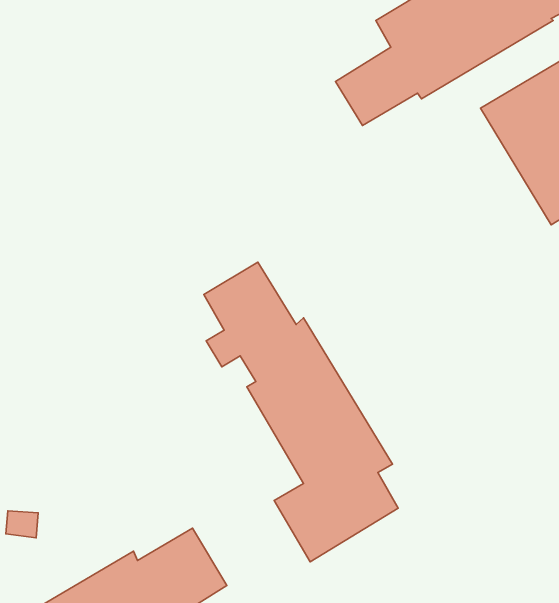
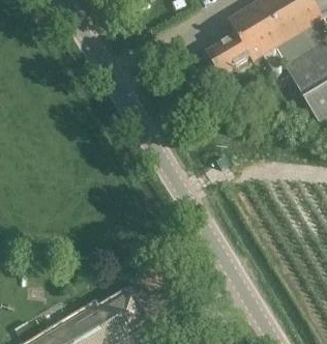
building: [204,262,398,562] -> none

